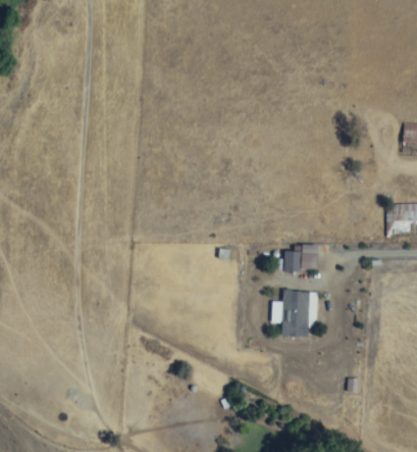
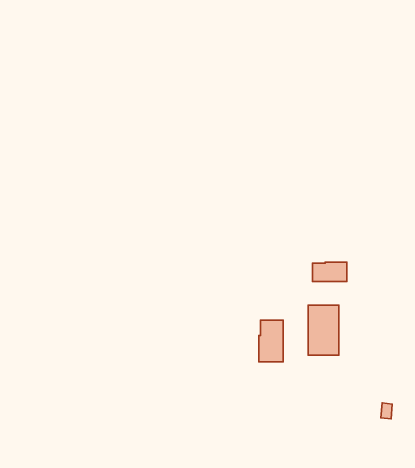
building: none -> [259,320,283,362]

